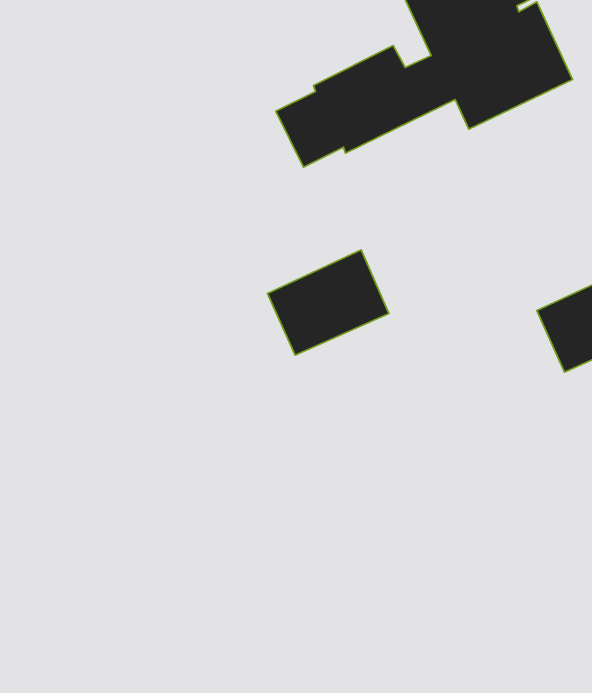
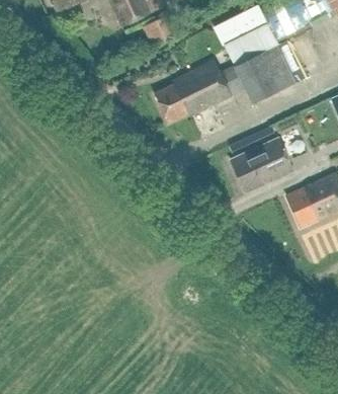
building: [267,250,389,355] -> [230,138,291,191]

